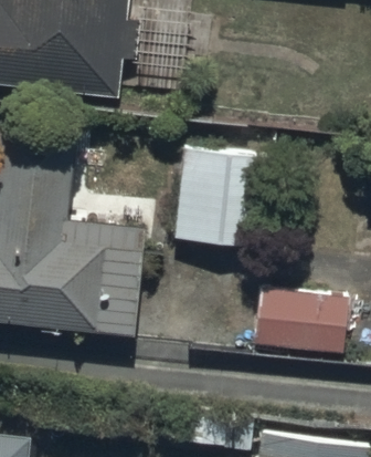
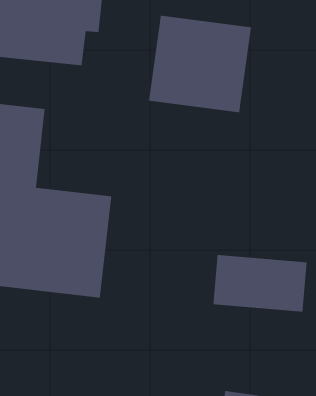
building: [170,150,276,251] -> [148,15,252,113]

